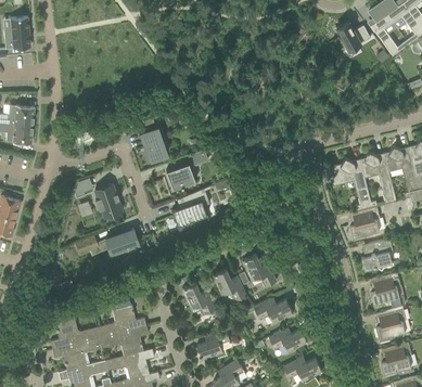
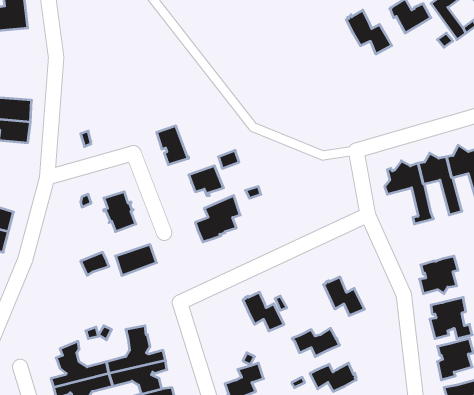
building: none -> [346,10,392,54]
building: [349,206,380,241] -> none
building: [242,255,277,287] -> [323,277,365,316]
building: [181,283,216,317] -> none

